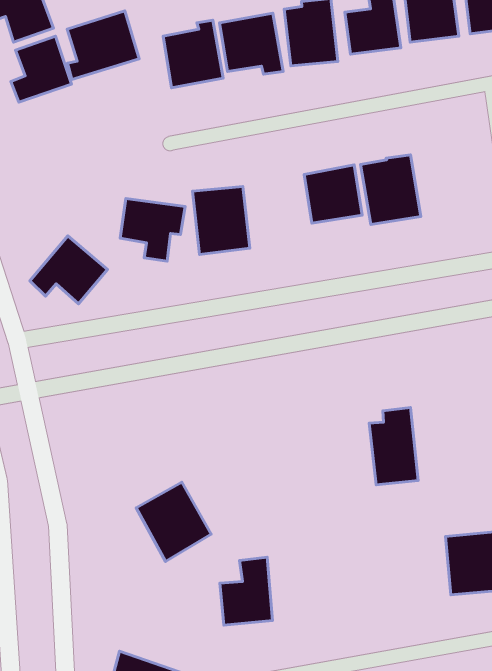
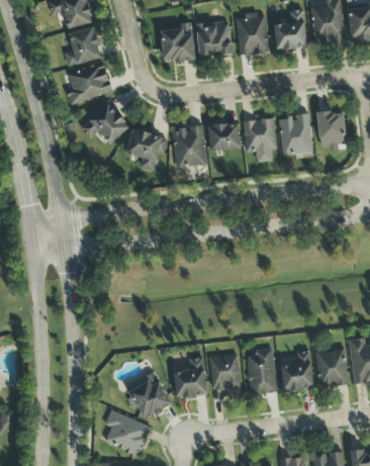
building: [67,11,139,79] -> [68,63,112,103]
building: none -> [317,111,346,149]
building: none -> [209,122,241,150]
building: [30,236,107,304] -> [82,102,130,145]
building: [369,408,418,485] -> [248,348,276,394]
building: [136,482,211,561] -> [126,371,172,420]
building: none -> [280,353,313,390]
building: none -> [210,354,242,398]

